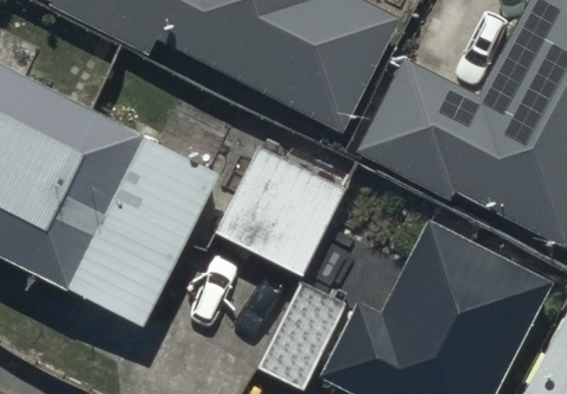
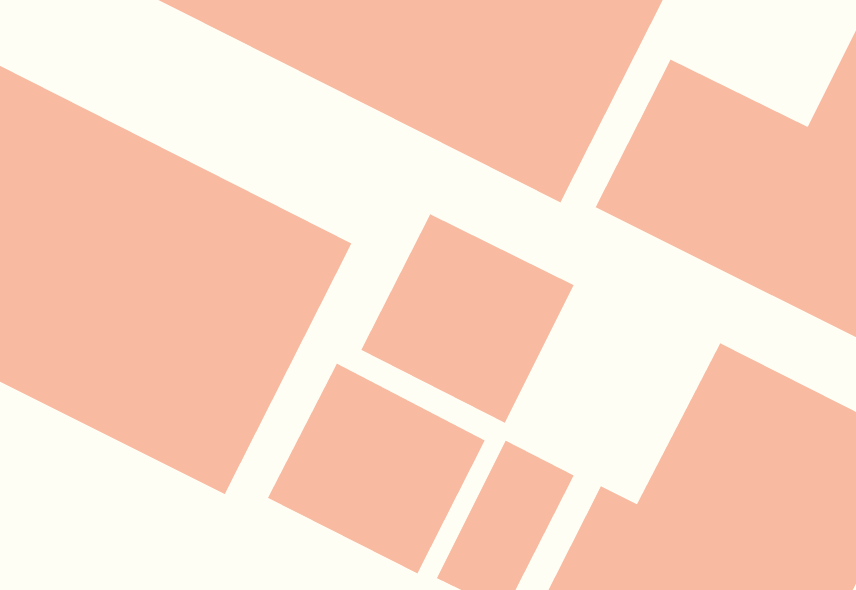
building: none -> [267,363,486,575]

